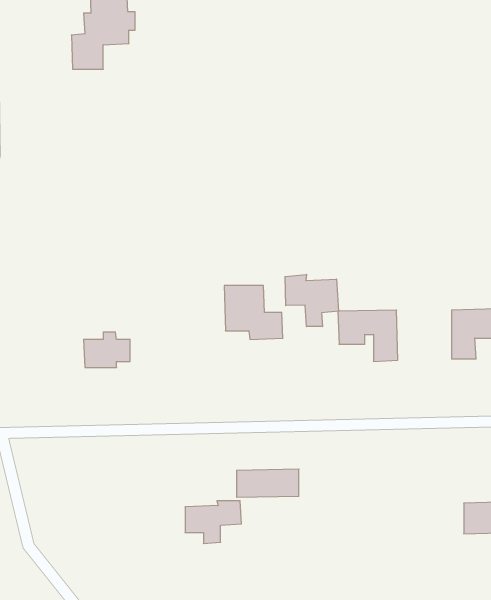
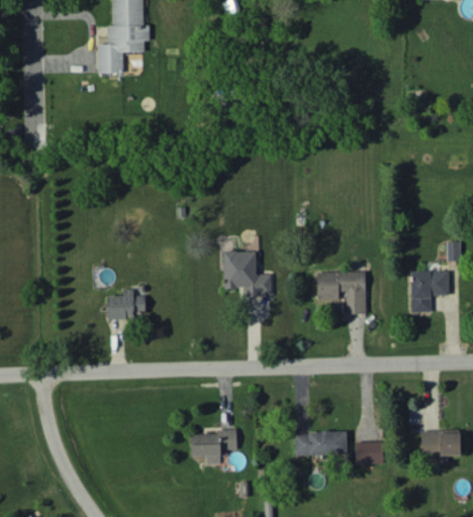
building: [285,274,339,327] -> none
building: [237,469,299,497] -> [295,432,347,455]
building: none -> [355,441,384,463]

